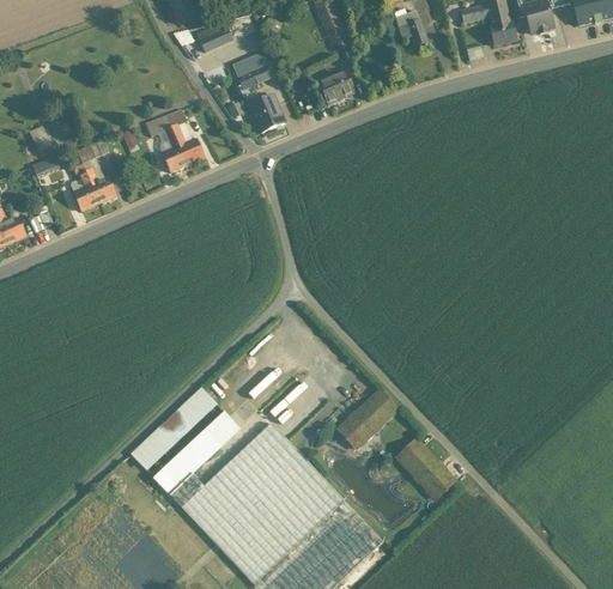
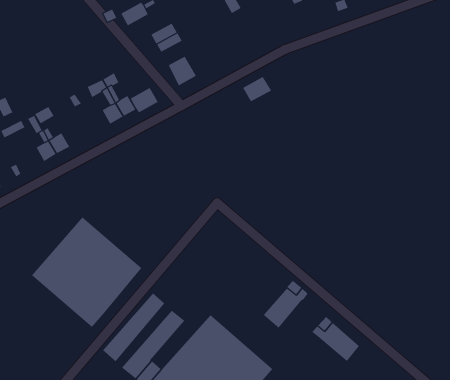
building: [318,72,356,103] -> [242,76,272,102]
building: none -> [130,87,159,113]
building: none -> [31,216,142,328]

